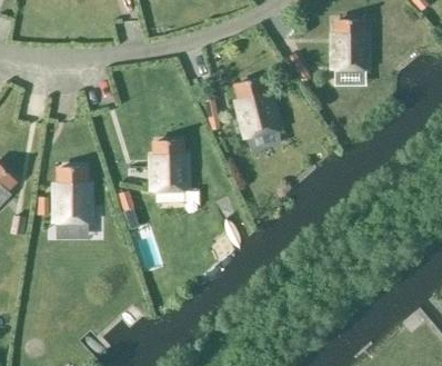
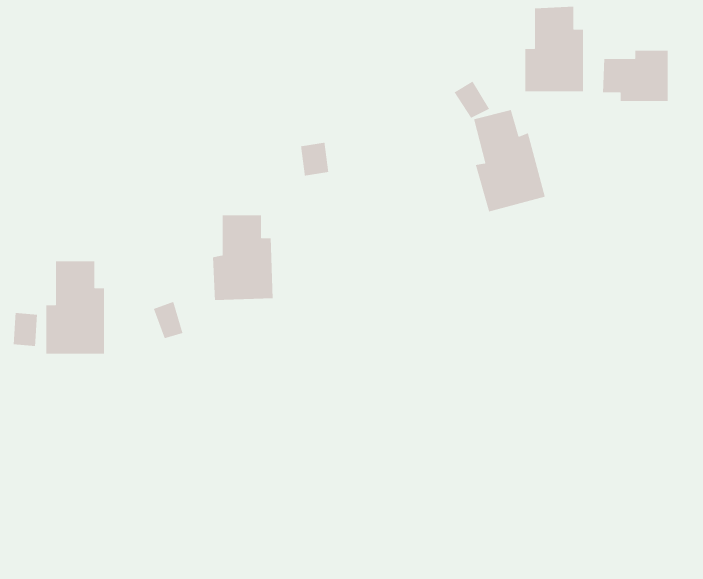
building: none -> [602,50,668,102]
building: [238,79,280,139] -> [473,109,546,213]

